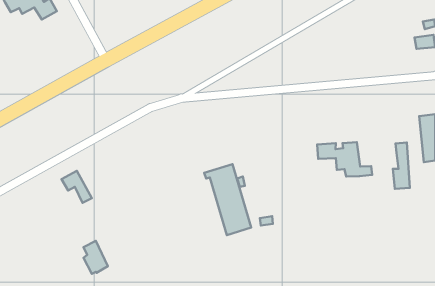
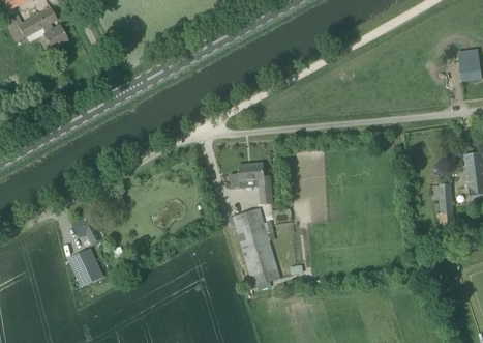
building: none -> [230,163,272,203]
building: [317,142,372,177] -> none
building: [83,241,108,274] -> [77,248,103,284]

